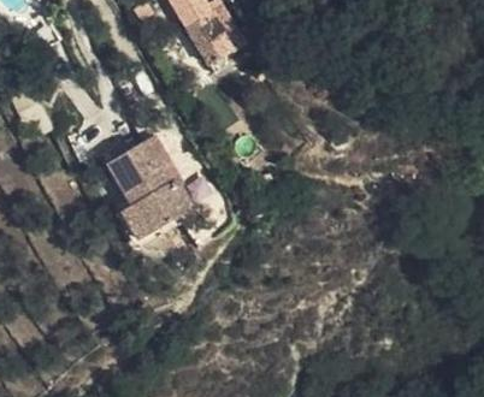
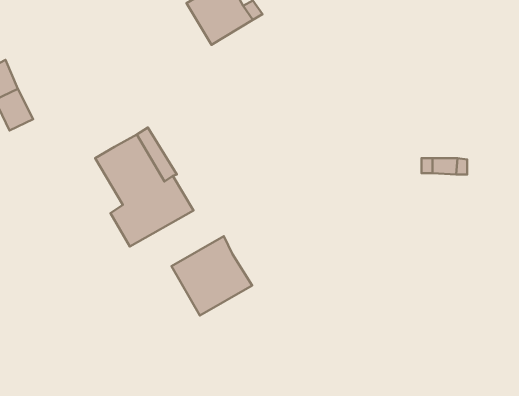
building: none -> [172,236,252,316]

